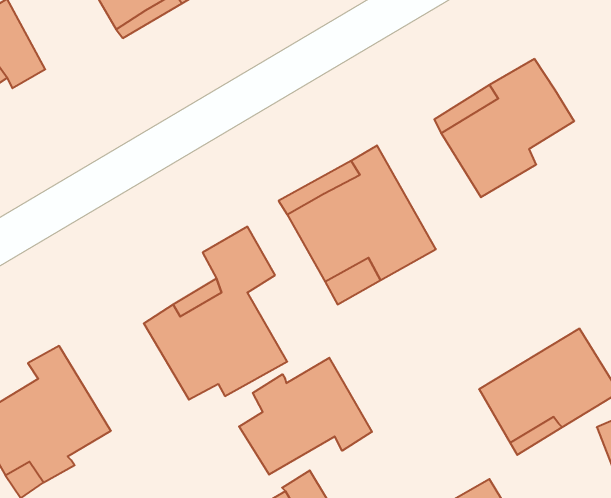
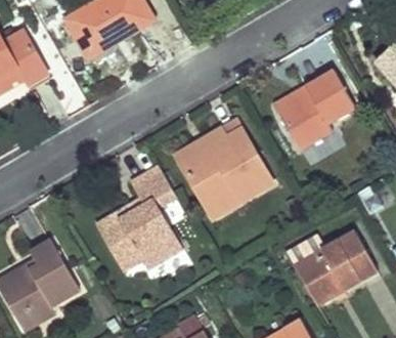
building: [239,358,372,475] -> none

